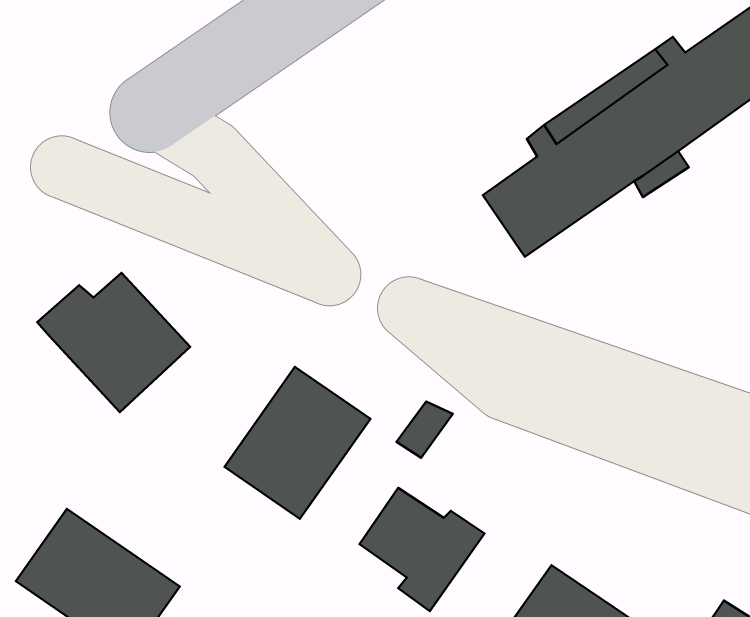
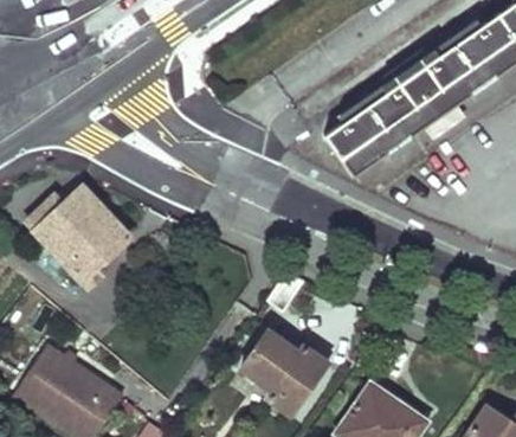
building: [224,367,370,519] -> none

